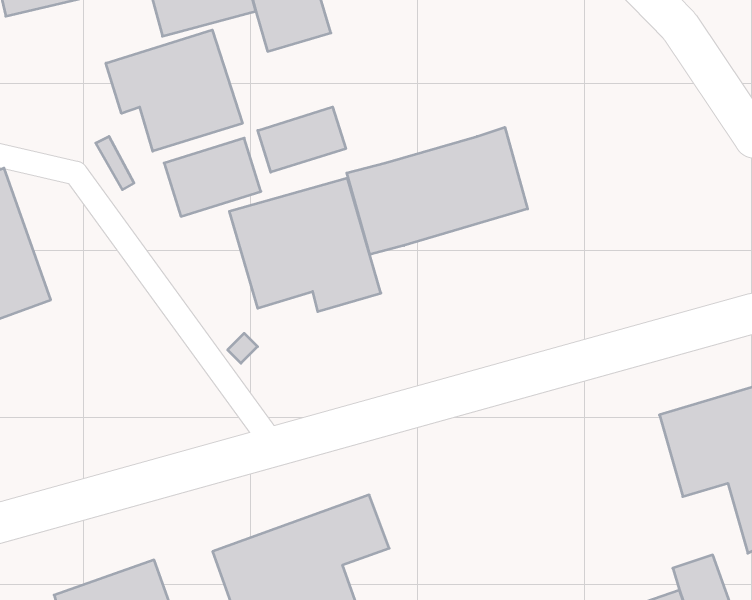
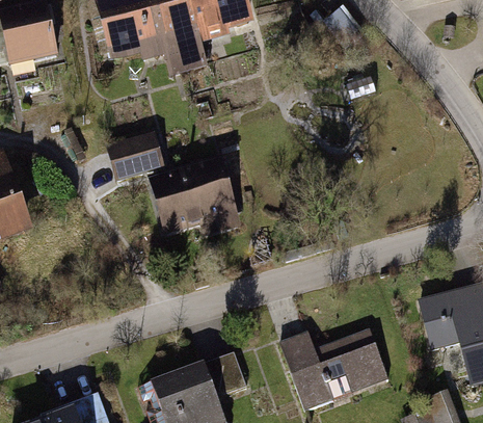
building: [106,30,242,151] -> none
building: [258,107,346,172] -> none
building: [347,127,528,255] -> none
building: none -> [277,327,388,409]

